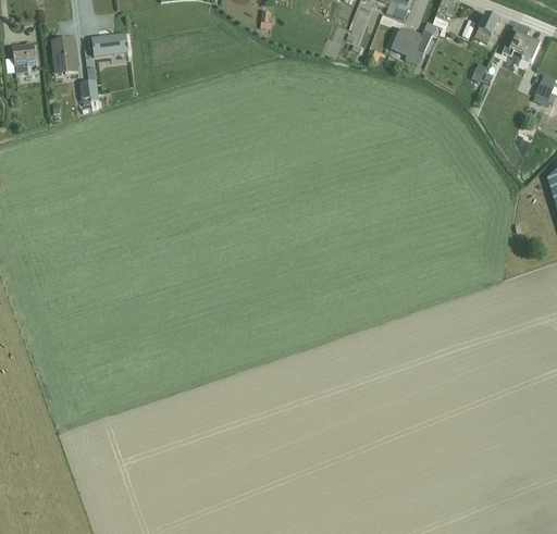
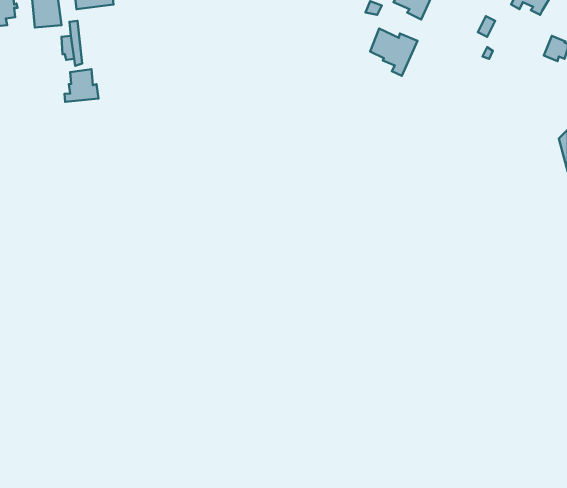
building: none -> [370,29,417,76]
building: none -> [65,69,99,102]

